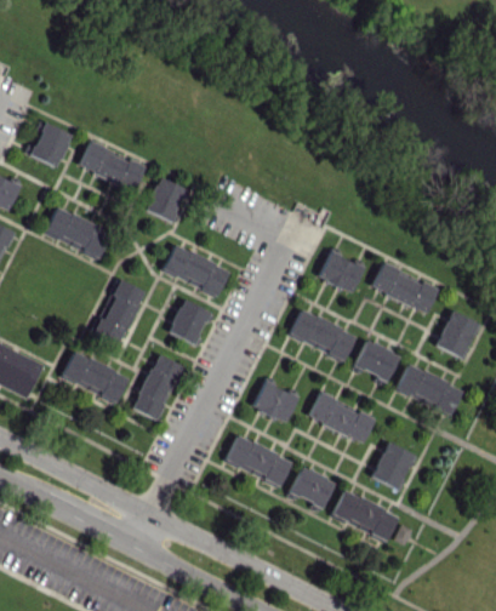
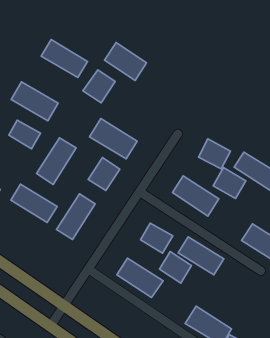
building: [32,122,73,166] -> none
building: none -> [104,43,147,80]
building: none -> [9,120,40,149]
building: [355,339,400,381] -> [213,168,246,198]
building: [372,441,416,490] -> none
building: [291,466,336,508] -> [159,252,192,283]

